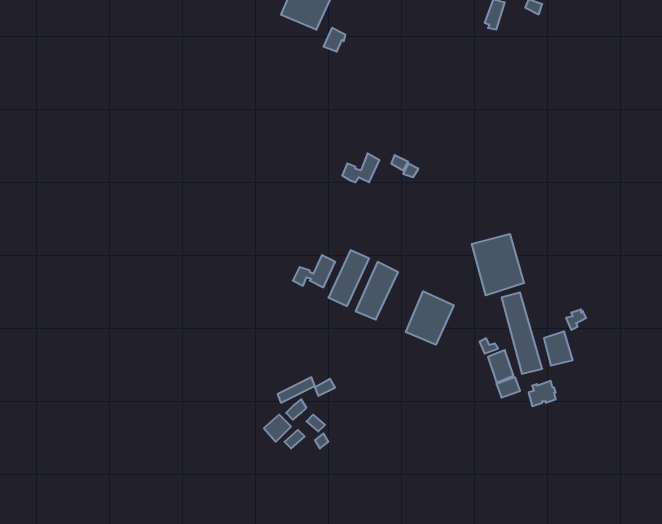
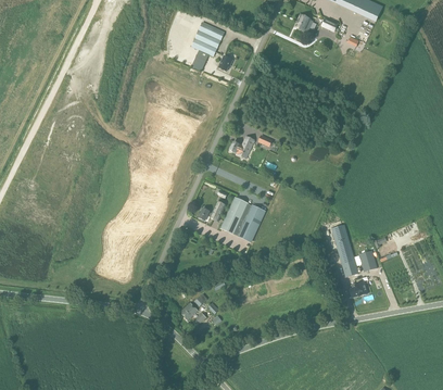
building: [472,234,524,295] -> none
building: [406,291,454,345] -> none

